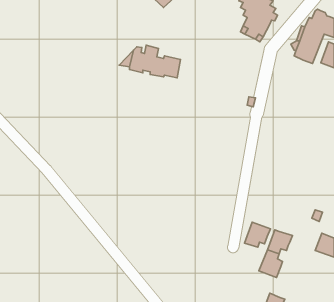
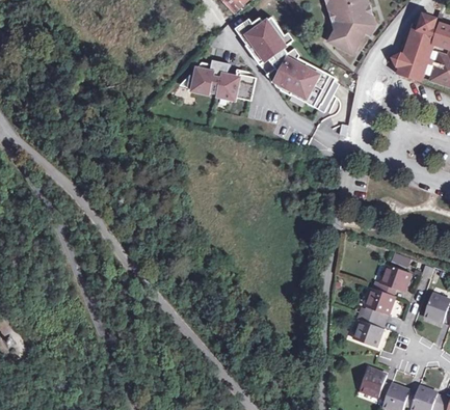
building: none -> [242,16,336,104]
building: [245,222,270,247] -> [377,265,409,296]

